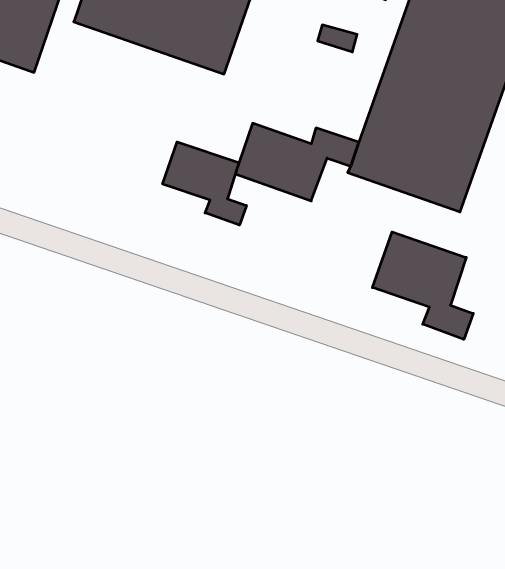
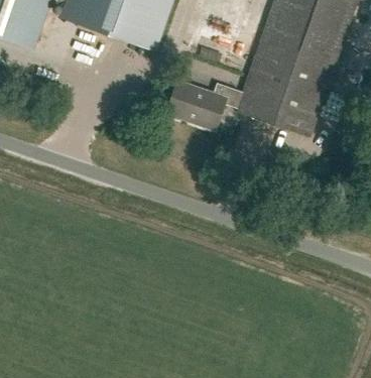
building: [163,142,246,225] -> none
building: [372,232,473,339] -> none

